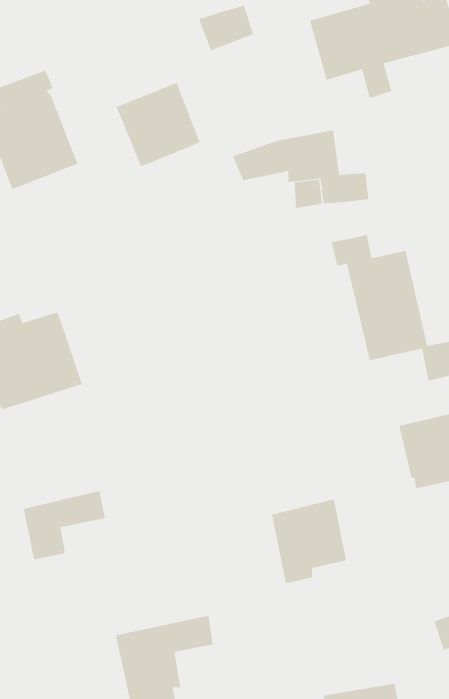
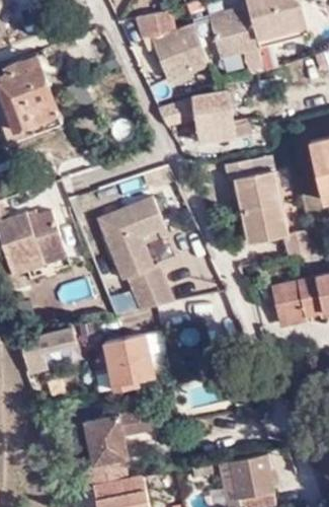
building: [116,82,200,167] -> [154,24,210,80]
building: none -> [98,196,176,310]
building: [271,499,347,584] -> [103,336,153,391]

